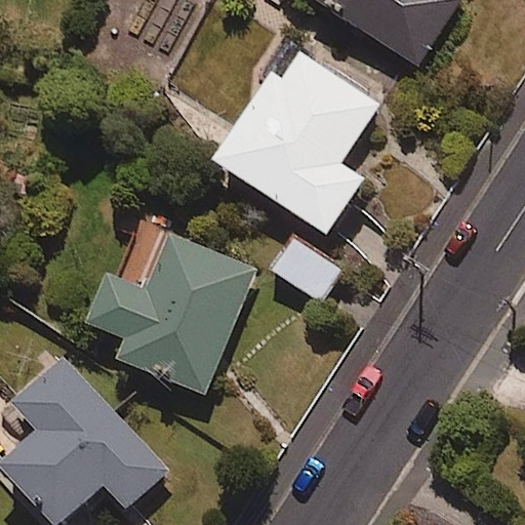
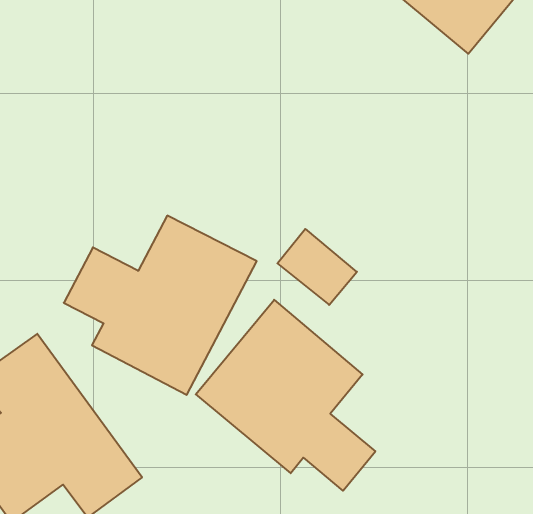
building: [210,52,381,234] -> none
building: none -> [196,300,375,491]

